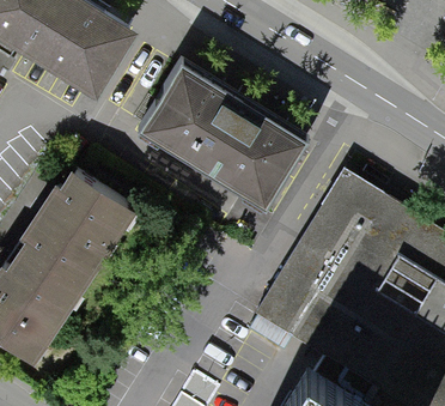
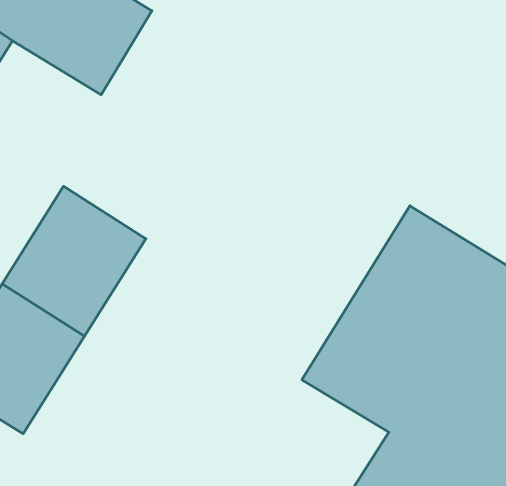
building: [139,65,310,210] -> none

